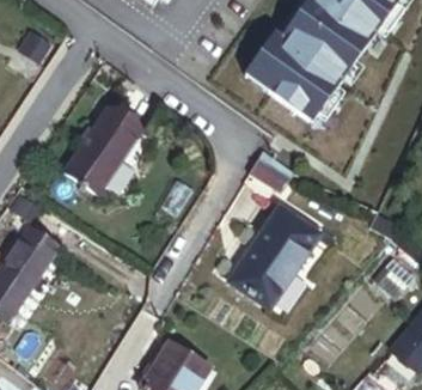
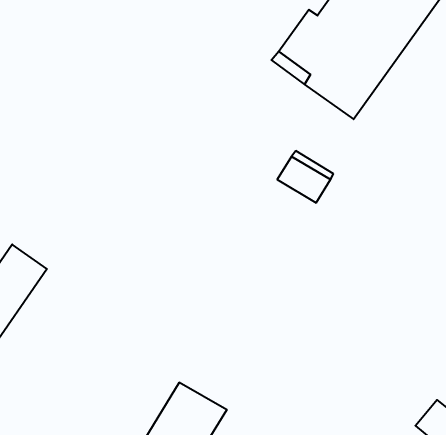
building: [65,109,141,196] -> none
building: [231,208,320,310] -> none

